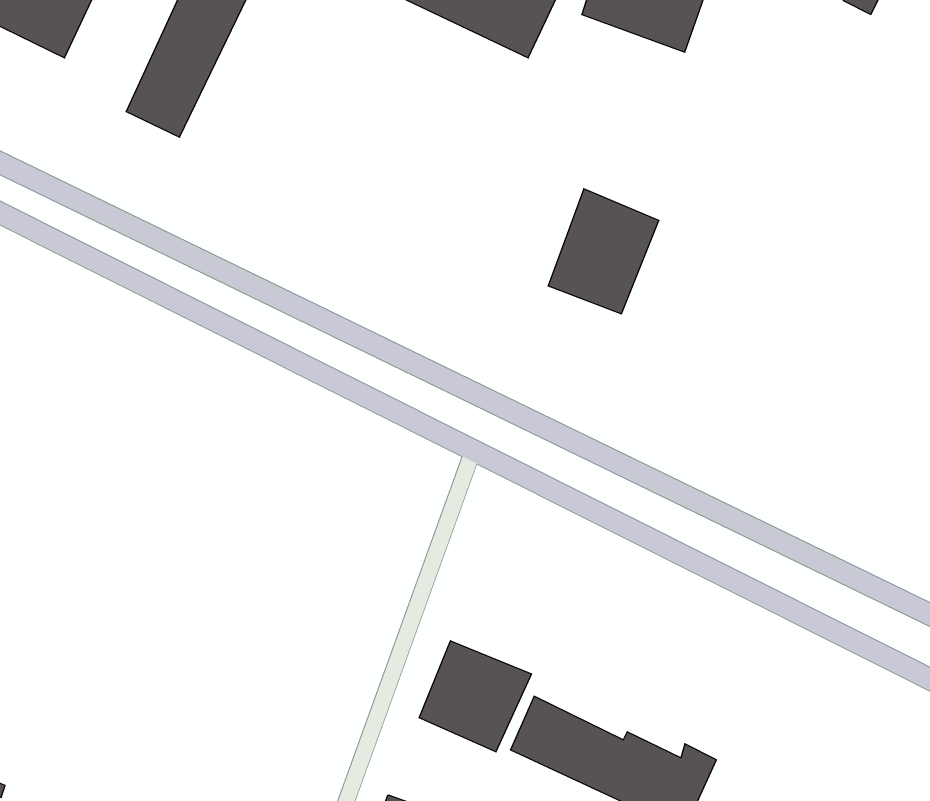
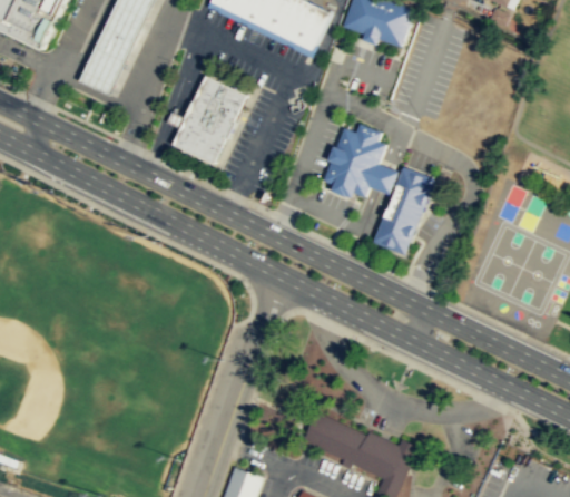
building: none -> [175,74,249,163]
building: none -> [372,165,434,254]
building: [419,641,532,752] -> none

